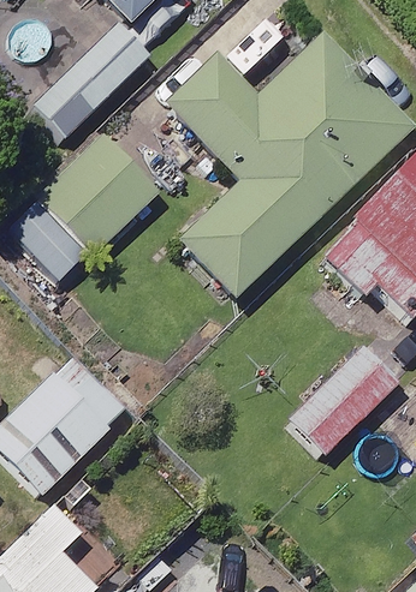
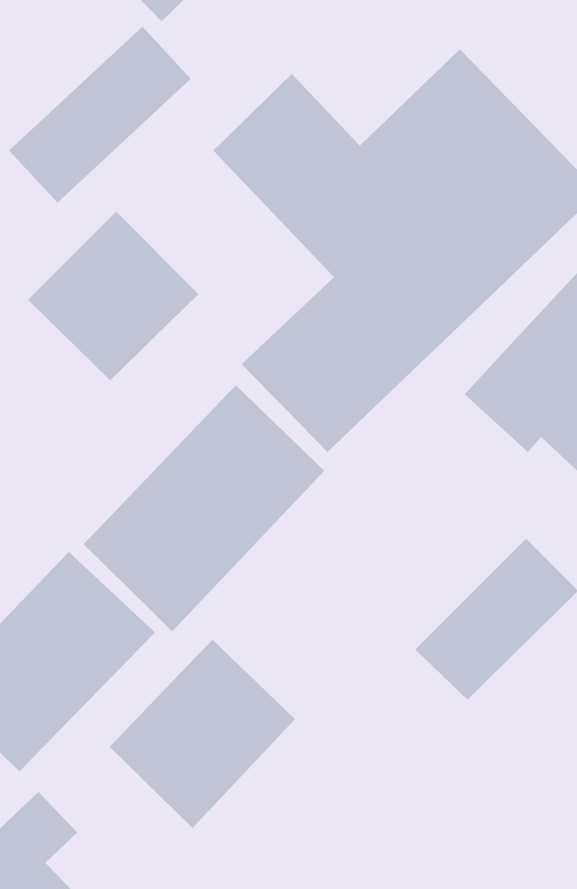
building: none -> [83,385,325,632]
building: none -> [109,639,296,829]

